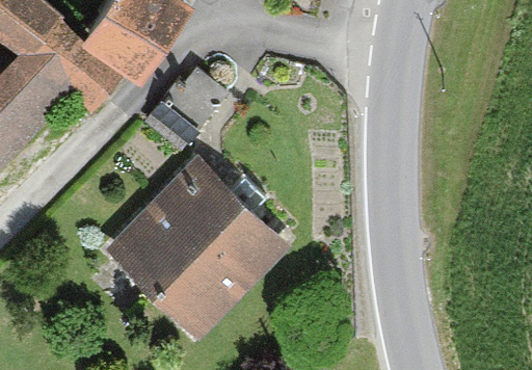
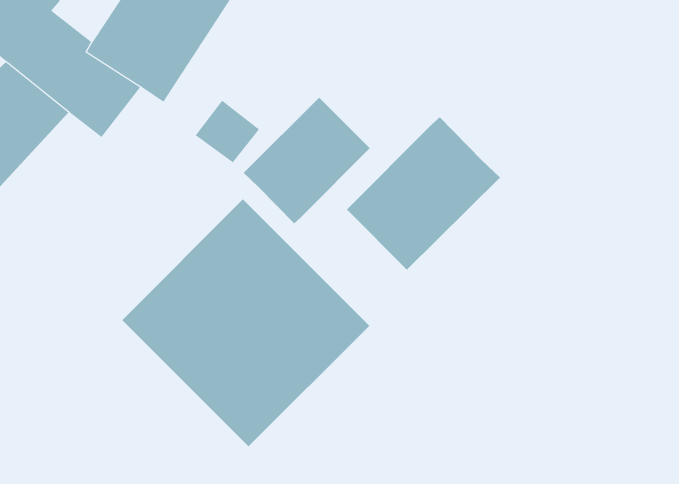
building: none -> [243,97,371,224]
building: none -> [346,117,501,271]

